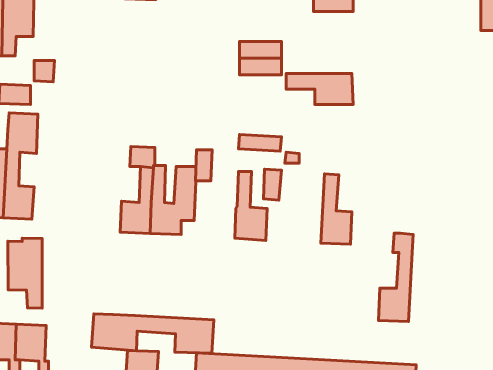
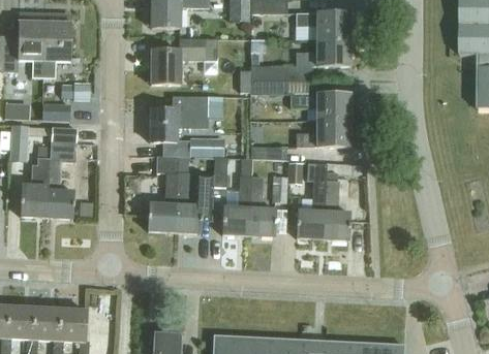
building: none -> [147,38,217,85]
building: none -> [296,39,349,65]
building: none -> [150,96,208,141]
building: none -> [296,120,349,146]
building: none -> [189,137,219,156]
building: none -> [221,176,250,235]
building: [379,233,413,322] -> [296,163,326,239]
building: [8,238,42,308] -> none
building: [92,314,214,353] -> none

